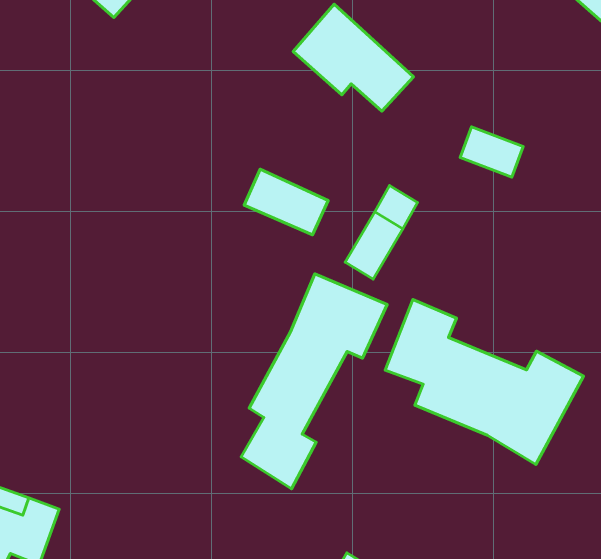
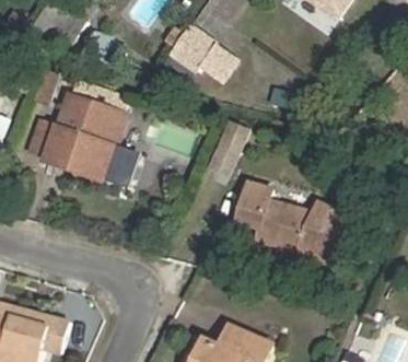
building: none -> [31,96,136,188]
building: [241,274,387,489] -> none

